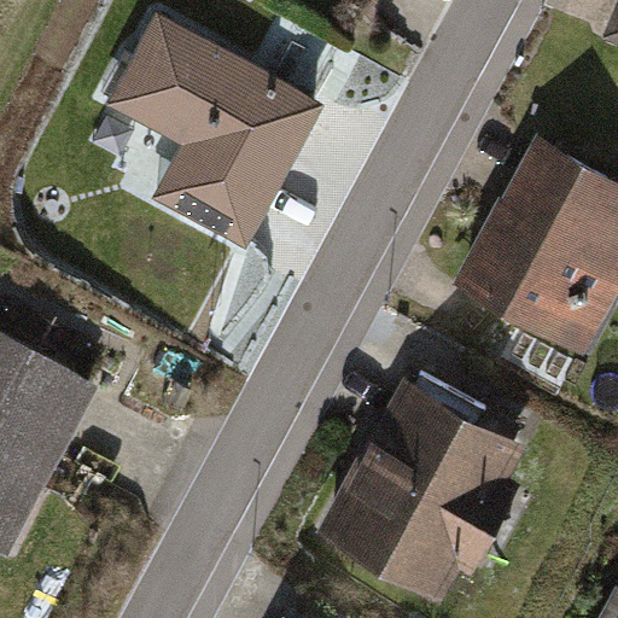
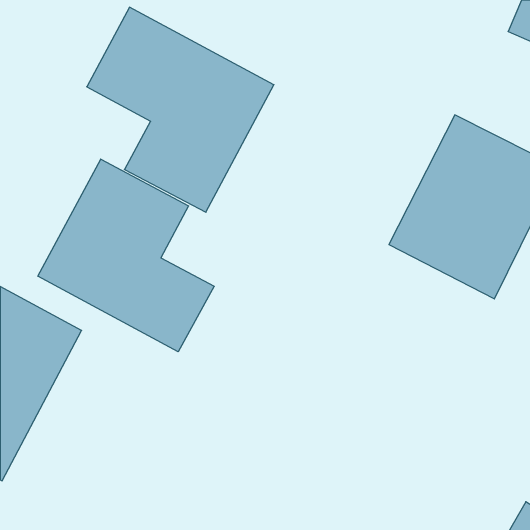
building: none -> [38,159,214,352]
building: [310,379,520,606] -> none

